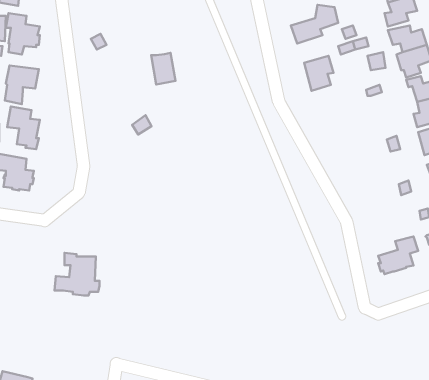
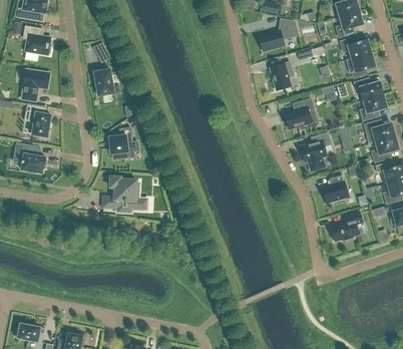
building: [151,53,176,84] -> [93,69,113,95]
building: none -> [284,98,314,128]
building: none -> [109,127,138,158]
building: none -> [299,133,330,171]
building: none -> [322,176,347,203]
building: [55,253,100,295] -> [102,177,139,212]

